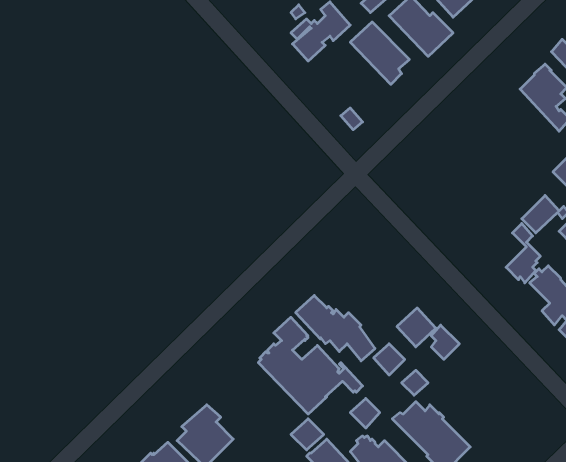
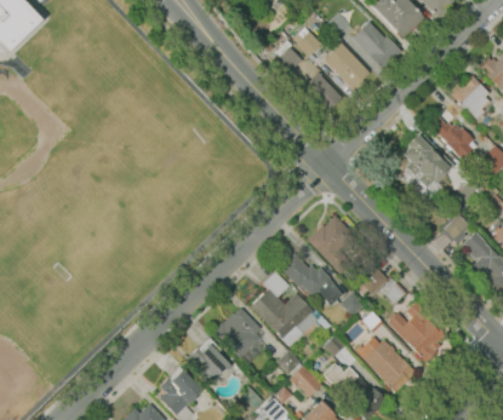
building: none -> [303,71,343,111]
building: none -> [429,115,478,160]
building: none -> [402,133,455,201]
building: none -> [308,215,356,275]
building: none -> [388,301,446,362]
building: none -> [215,307,267,363]

